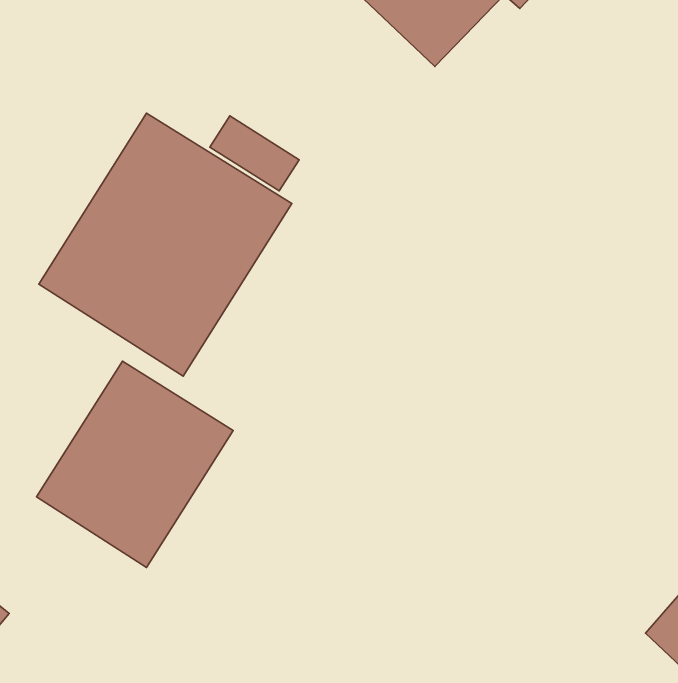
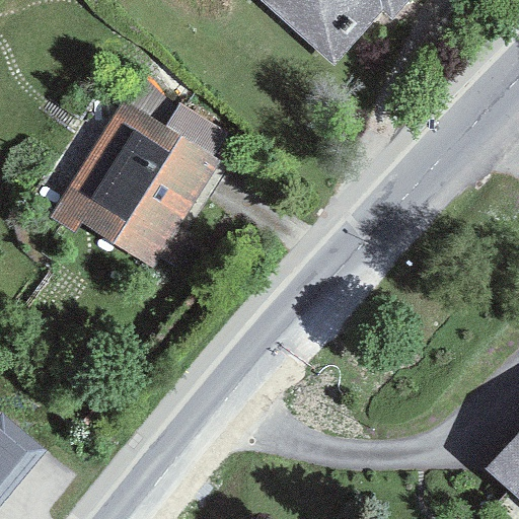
building: [36,361,233,568] -> none

